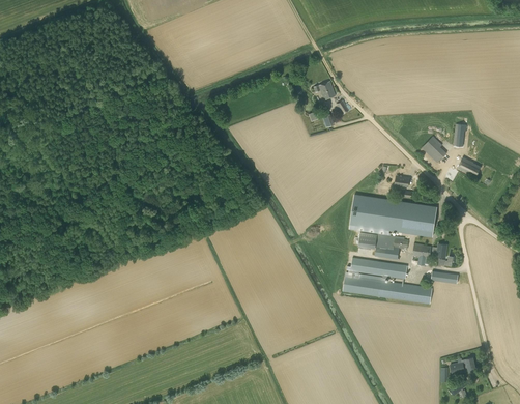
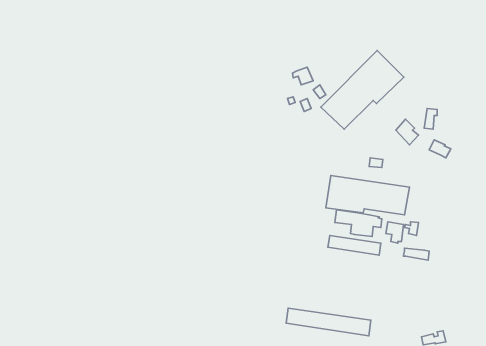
building: none -> [321,51,404,129]
building: [343,276,432,305] -> [286,308,371,336]

